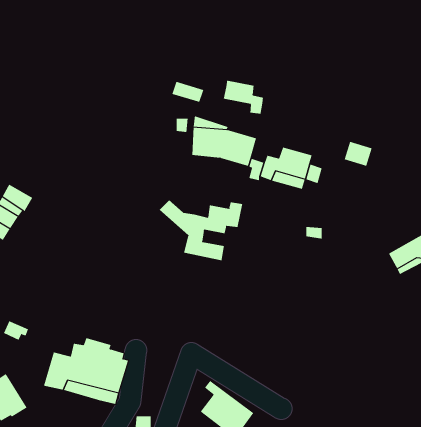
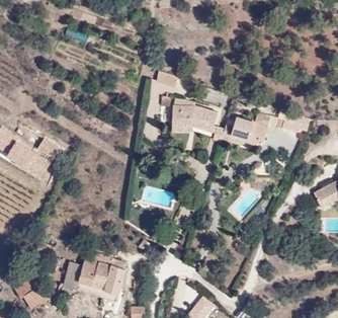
building: [223,80,263,115] -> none
building: [159,199,243,261] -> none

